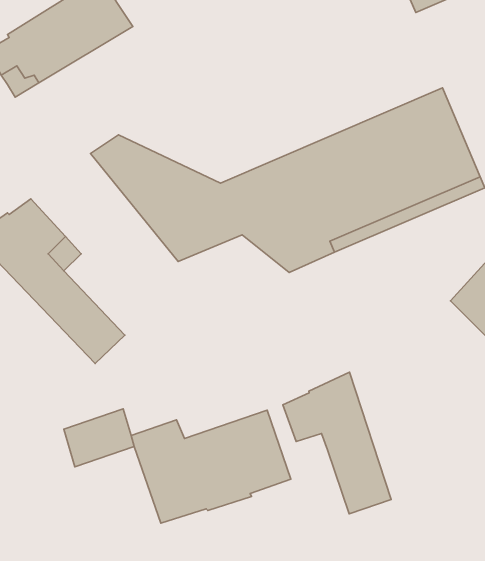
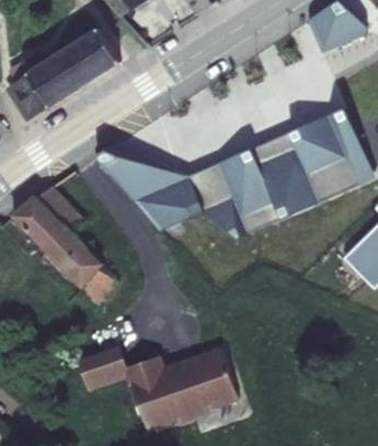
building: [283,372,391,514] -> none

